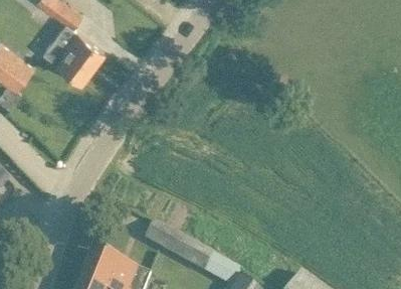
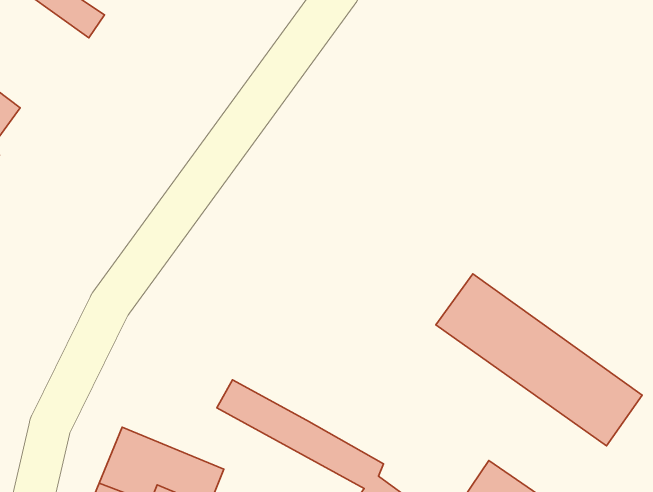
building: [44,27,106,79] -> none
building: none -> [436,274,642,446]

